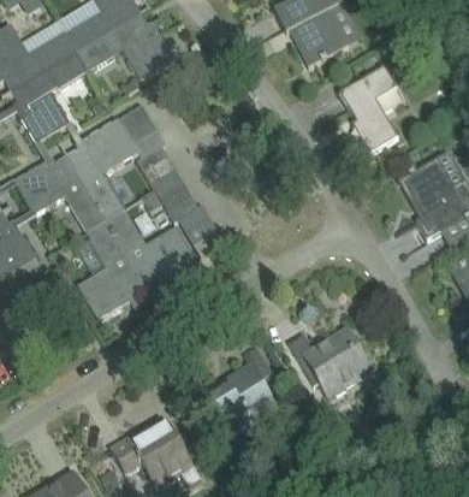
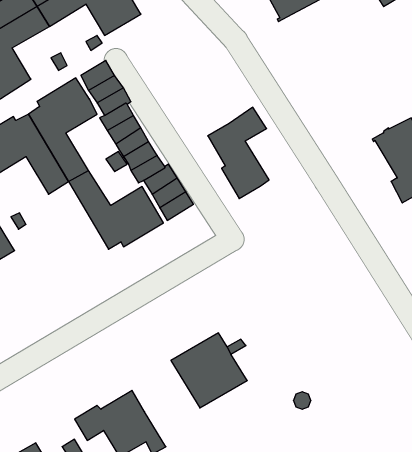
building: [338,65,397,153] -> [208,107,269,199]
building: [76,220,143,319] -> none
building: [287,331,369,398] -> none

